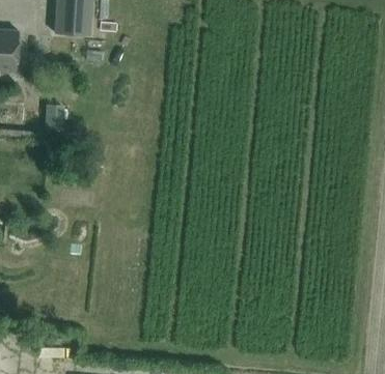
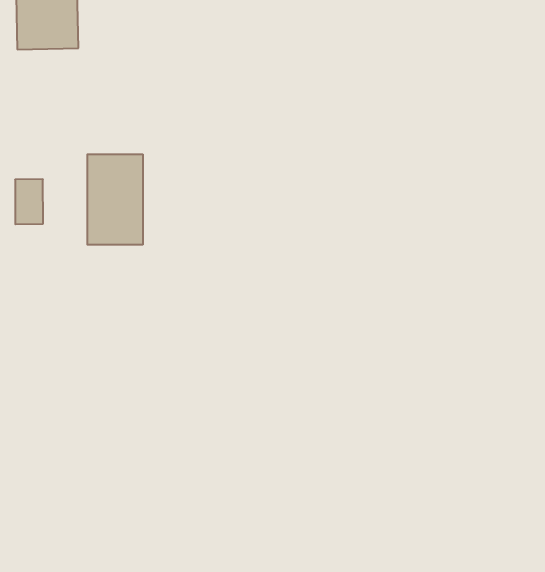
building: none -> [87,154,143,245]

